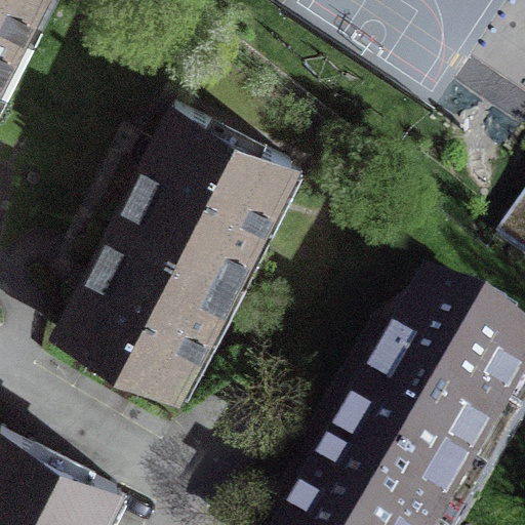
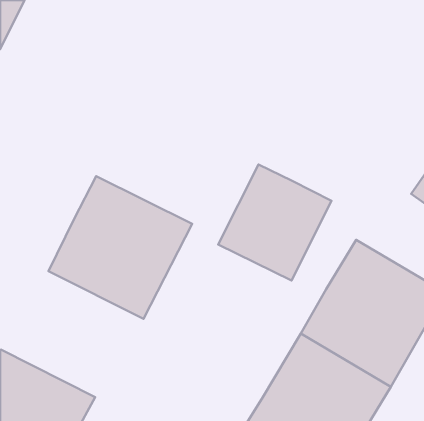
building: [128,115,301,286] -> none
building: none -> [218,164,331,281]

